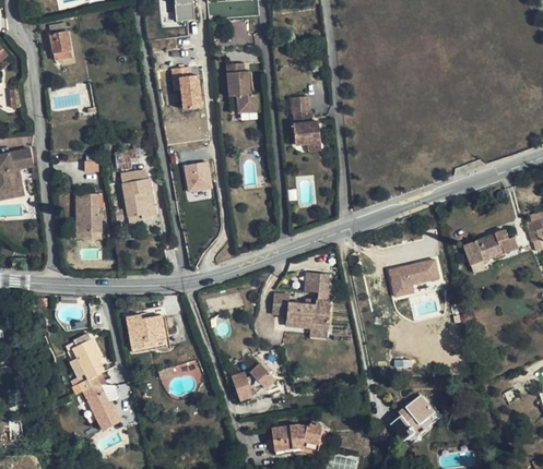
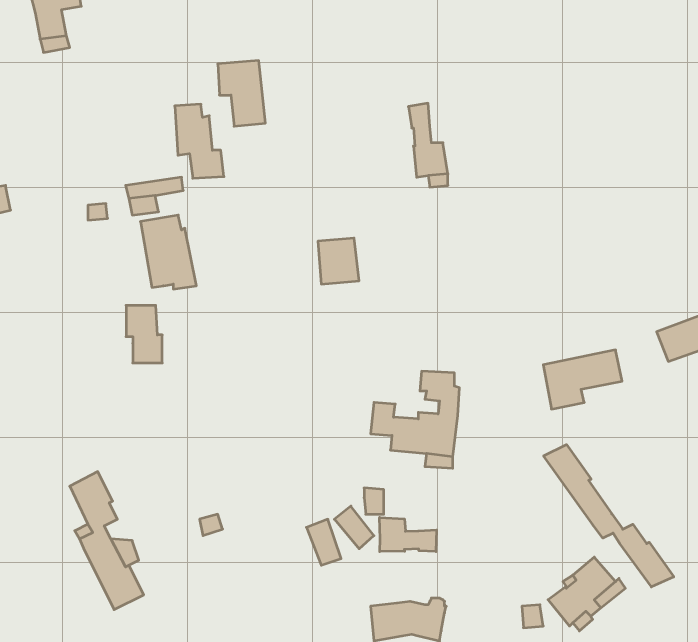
building: [225,63,258,112] -> [175,104,224,178]
building: [184,161,211,192] -> [318,238,359,284]
building: [76,194,101,232] -> [126,305,162,363]
building: [126,314,170,349] -> none
building: none -> [544,445,674,587]
building: none -> [380,517,437,552]

